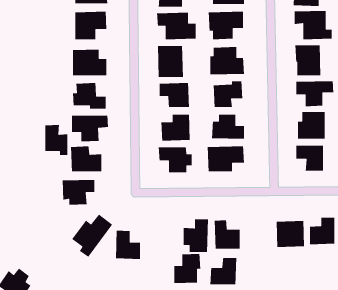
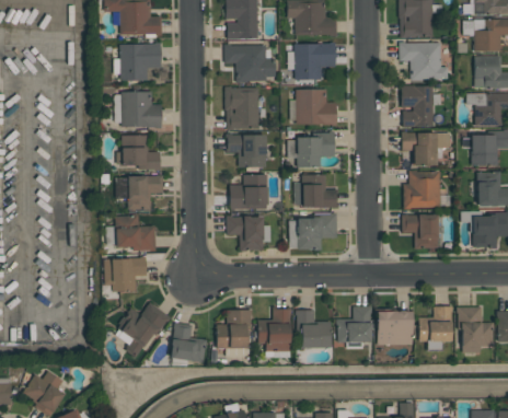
building: [44,124,68,156] -> none
building: [174,253,201,284] -> [217,310,252,349]
building: [210,257,237,285] -> [337,306,372,342]

